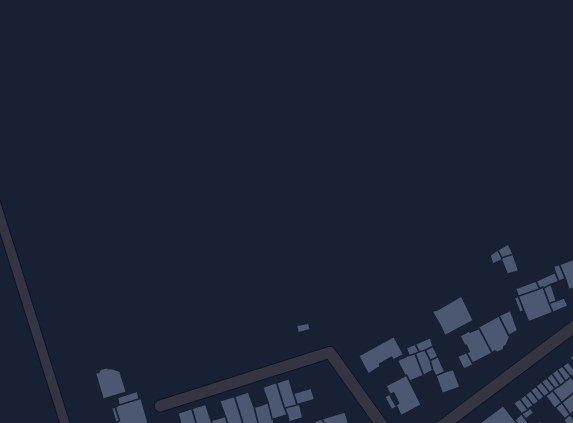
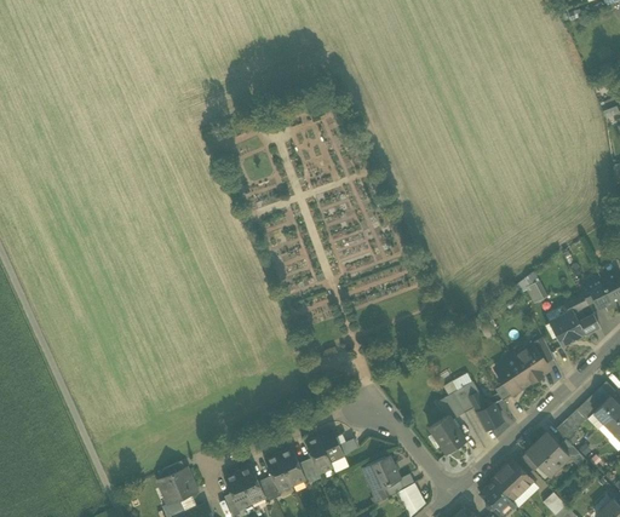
building: [433,296,474,336] -> none
building: [358,336,404,374] -> none
building: [95,367,127,399] -> none

